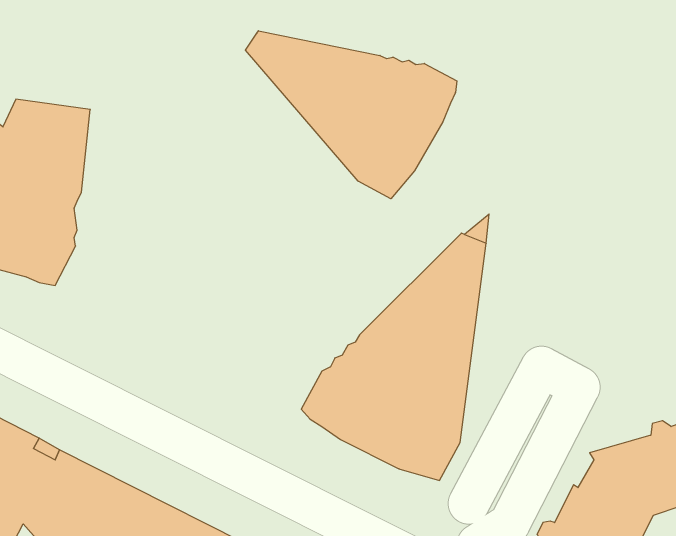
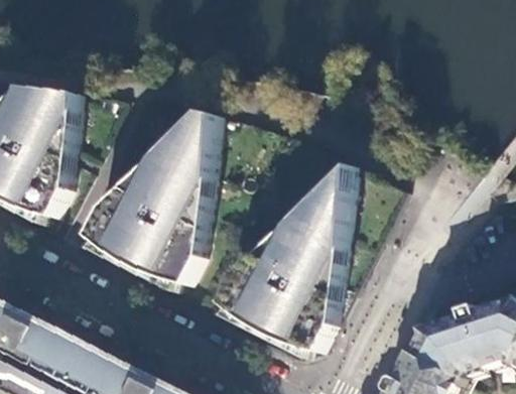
building: [245,31,457,199] -> none
building: none -> [88,111,217,282]

